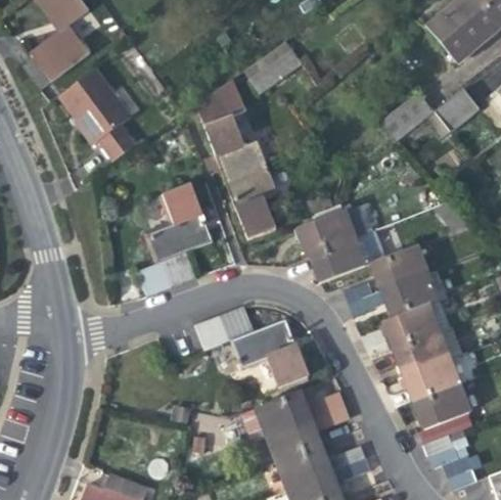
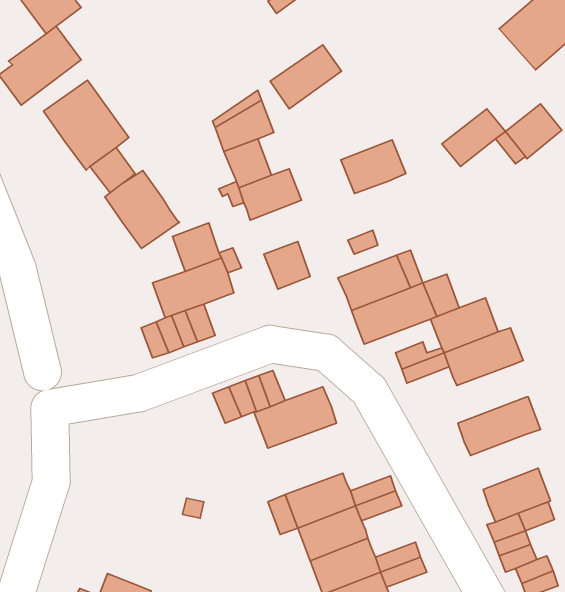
building: none -> [105,170,180,249]
building: [226,167,279,211] -> [341,140,406,194]
building: [385,301,452,349] -> none
building: [269,349,308,387] -> none
building: [406,358,461,403] -> none

